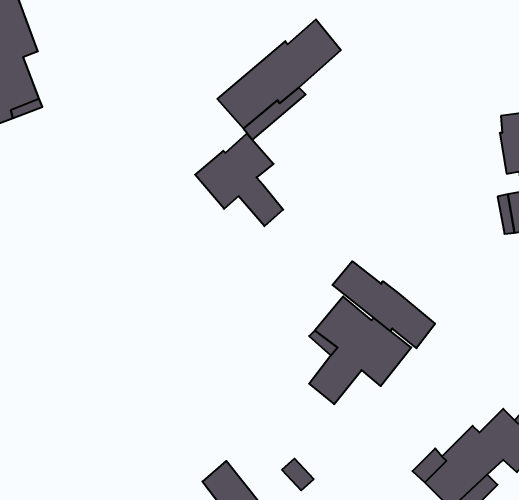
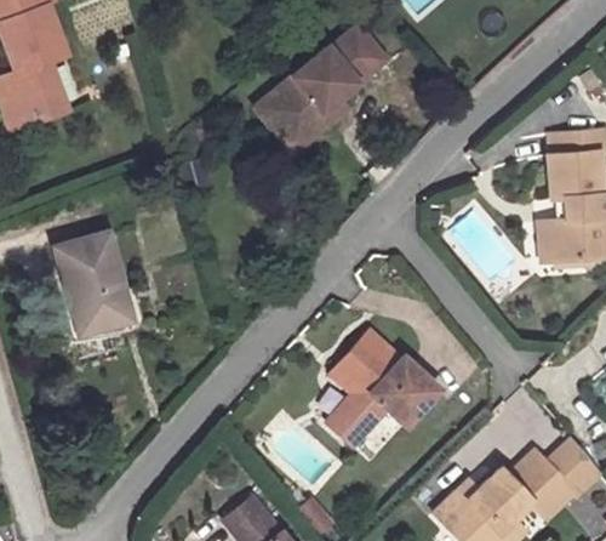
building: [195,133,283,226] -> none
building: none -> [51,245,127,346]
building: [332,261,435,348] -> none

